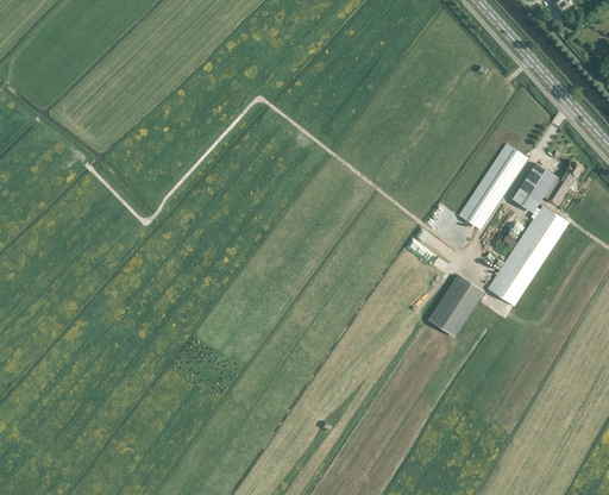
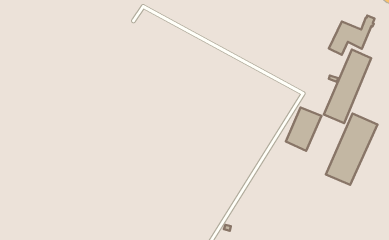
building: [458,144,526,230] -> none
building: none -> [326,114,377,185]

